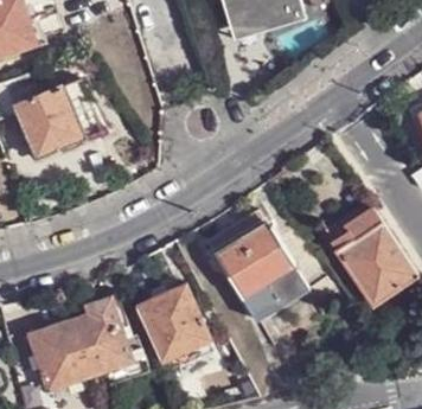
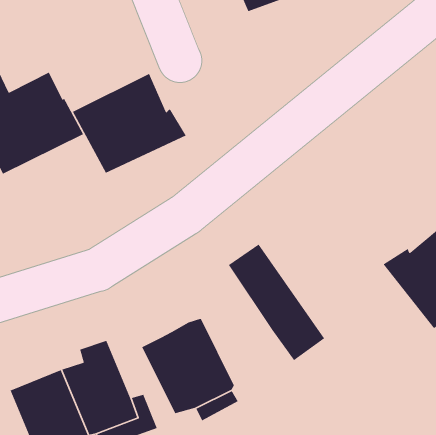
building: none -> [72,73,187,174]
building: [235,210,309,306] -> none

